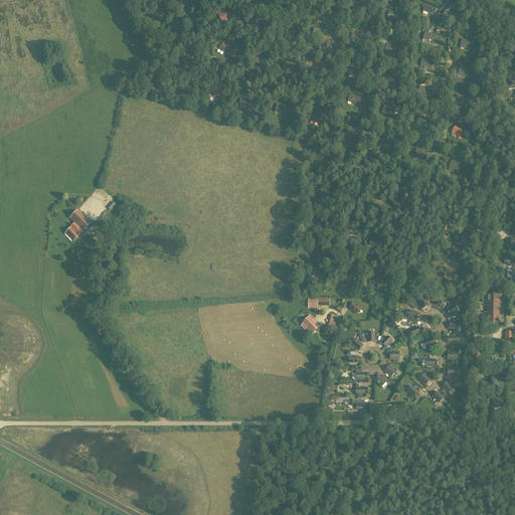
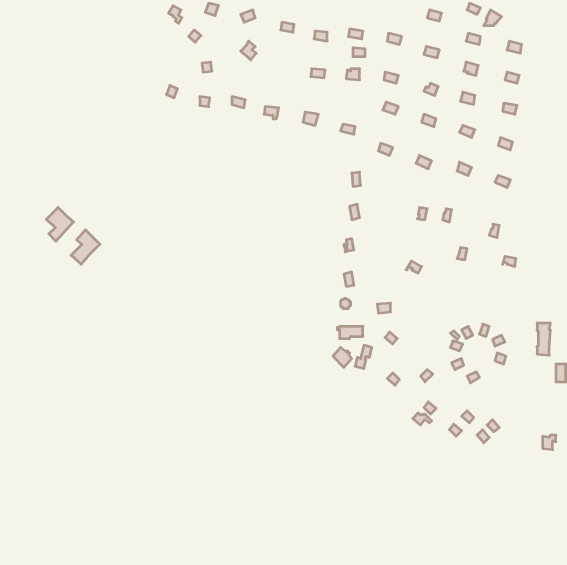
building: none -> [46,207,74,241]

